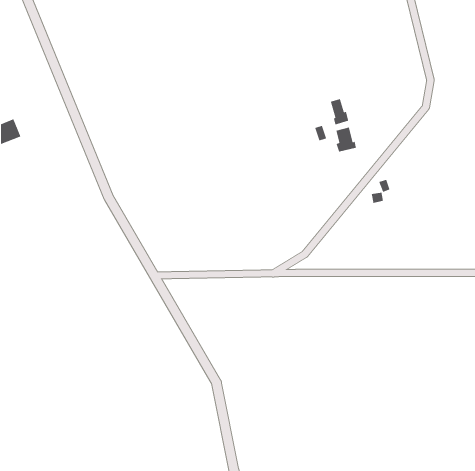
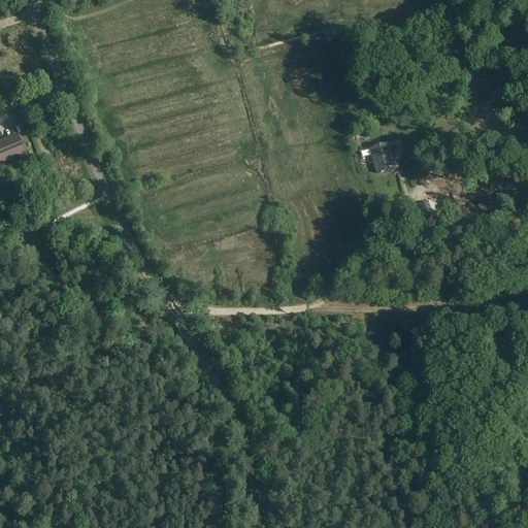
building: [330,98,349,125] -> none

